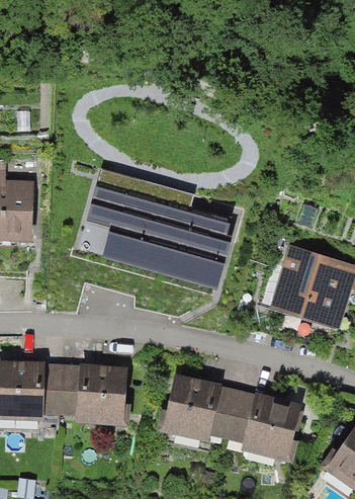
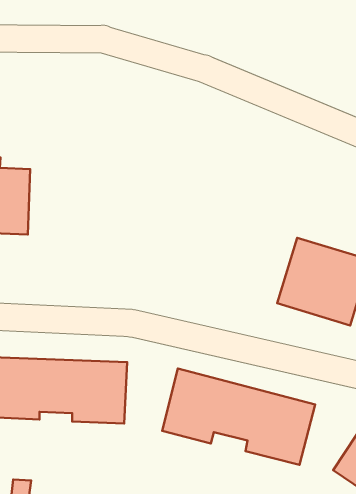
building: [87,168,241,289] -> none

